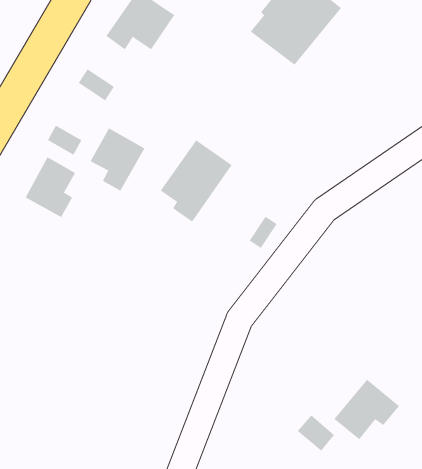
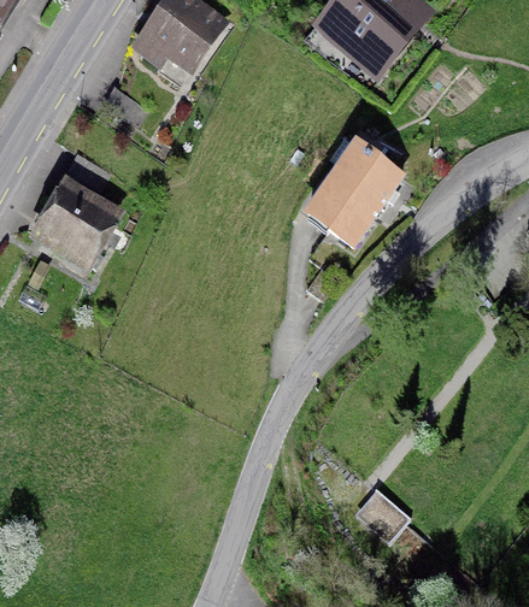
building: [90,127,145,191] -> none
building: [160,139,233,222] -> [315,145,400,242]
building: [333,379,400,440] -> none

